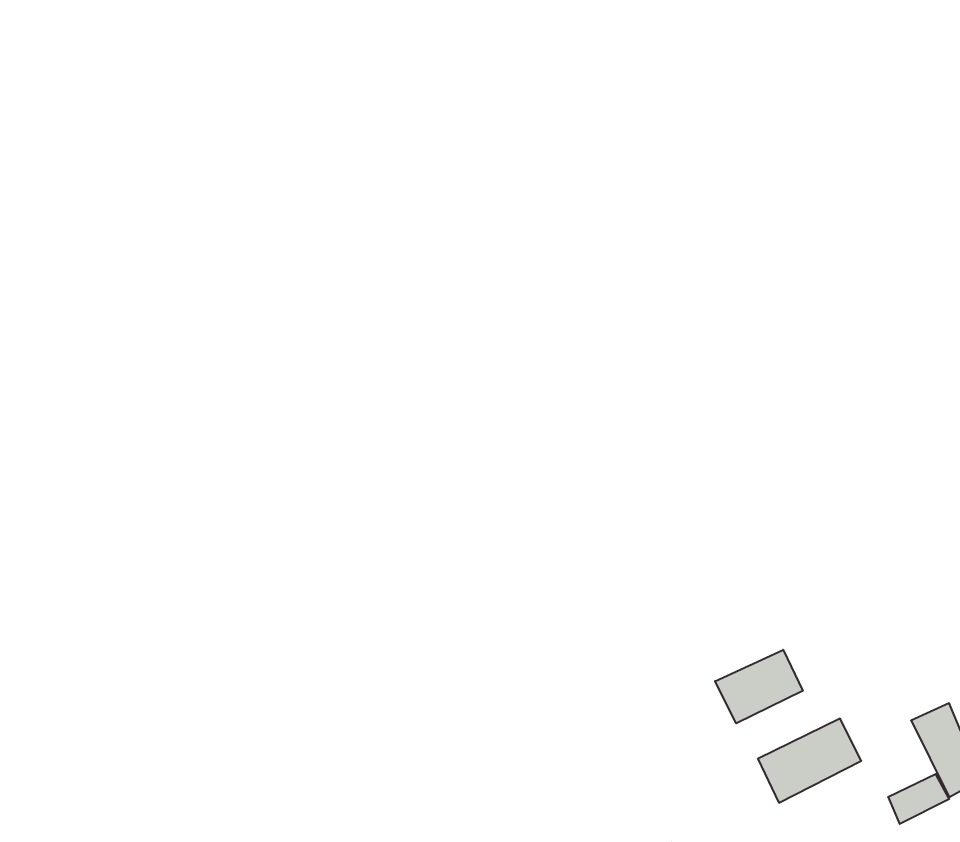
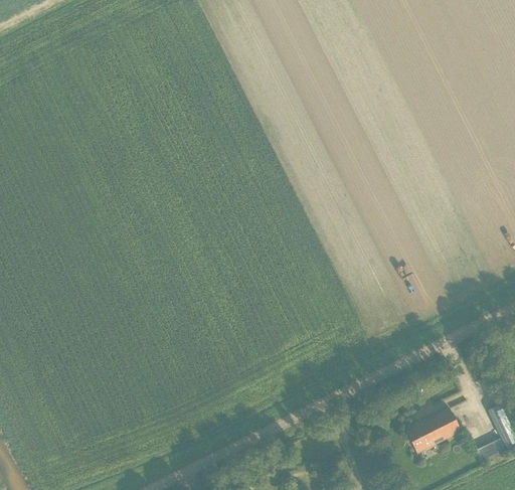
building: [715,650,803,723] -> none

